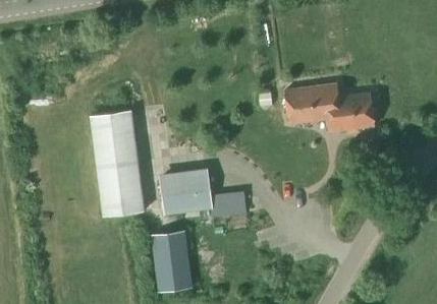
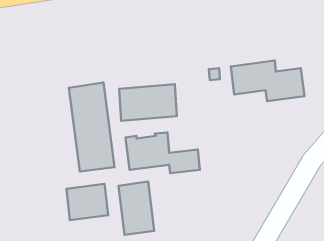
building: none -> [119,84,177,121]
building: none -> [66,184,108,220]

